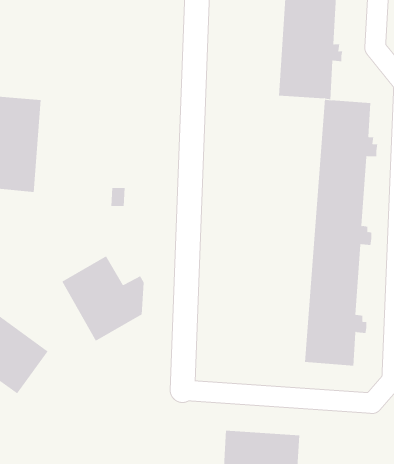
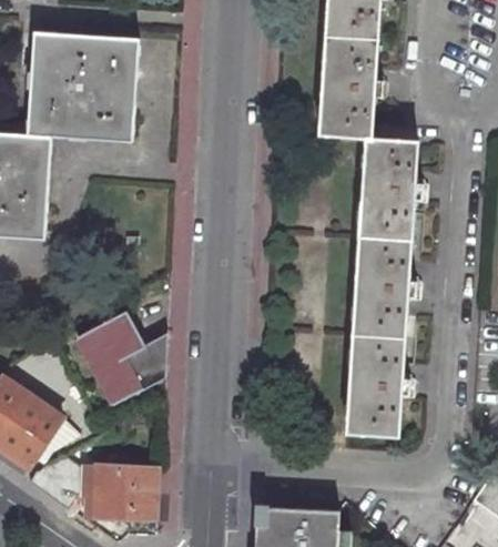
building: none -> [27,32,141,143]
building: none -> [93,464,162,534]

